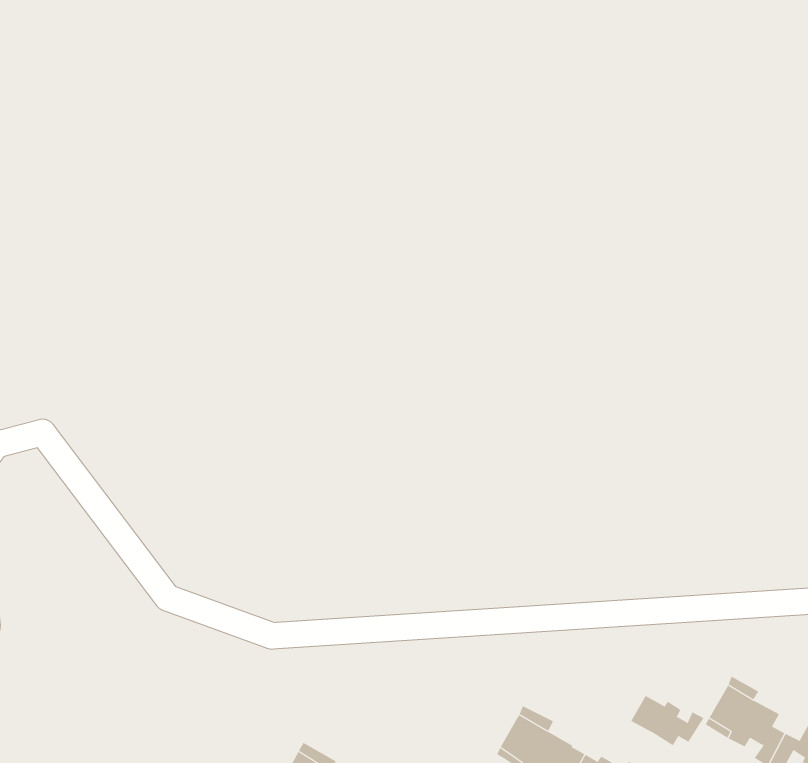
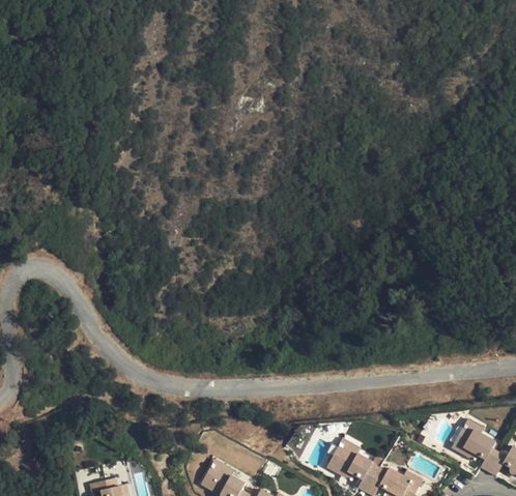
building: [631,695,704,746] -> none

